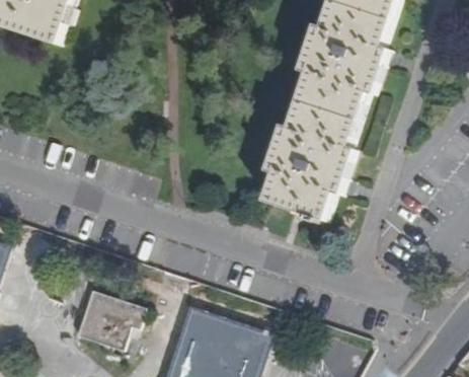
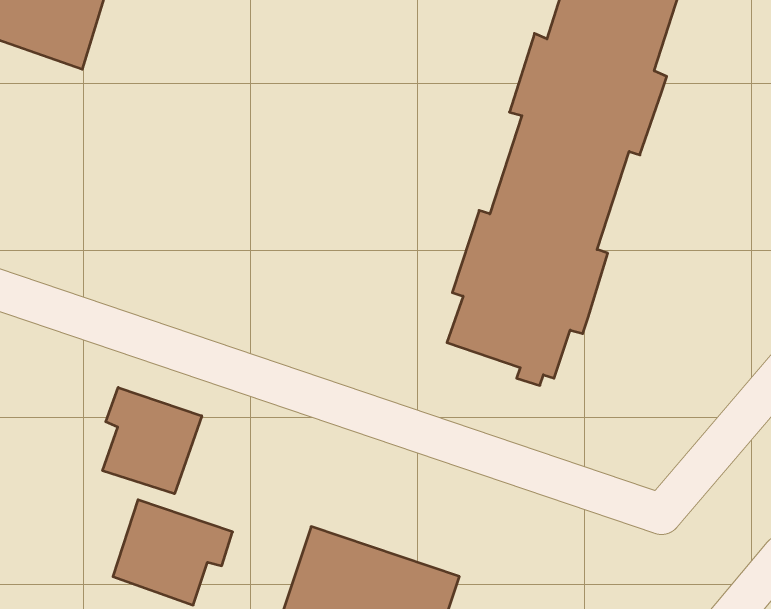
building: none -> [103,387,202,494]

